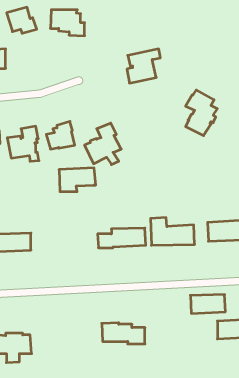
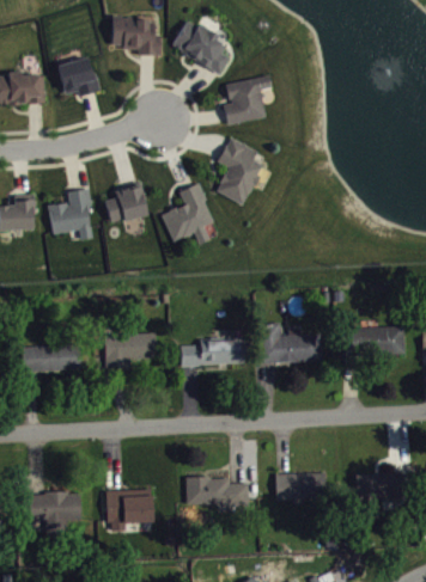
building: [7,7,37,33] -> [56,57,101,96]
building: none -> [171,20,229,74]
building: [186,90,217,136] -> [215,137,262,204]
building: [59,168,96,192] -> [104,332,158,367]
building: [190,295,225,313] -> [275,472,327,500]
building: none -> [105,489,153,531]

